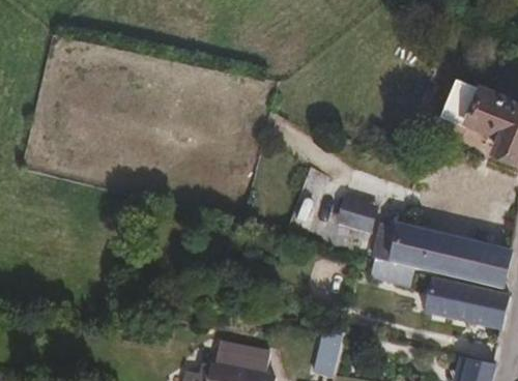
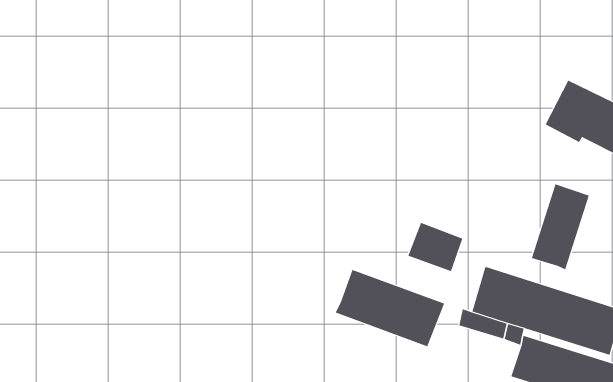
building: none -> [531,183,589,270]
building: none -> [335,269,445,347]

